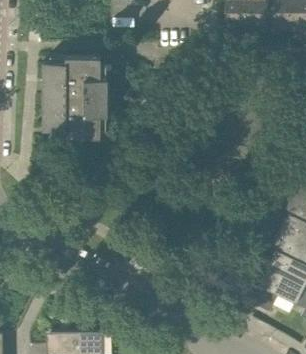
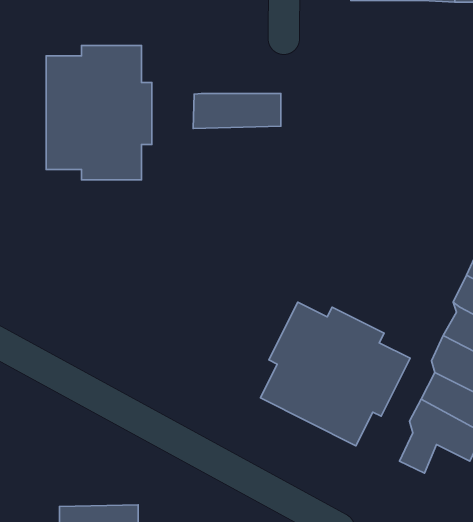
building: none -> [193,93,281,129]
building: none -> [260,302,410,446]

